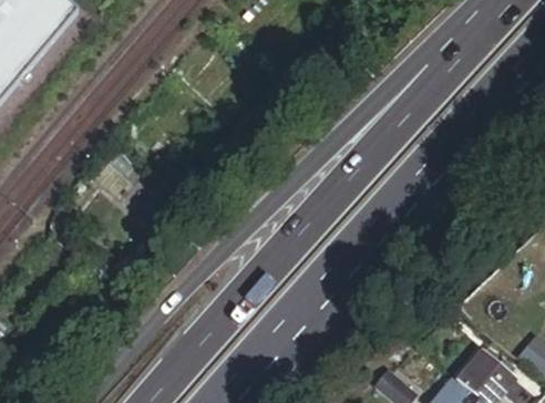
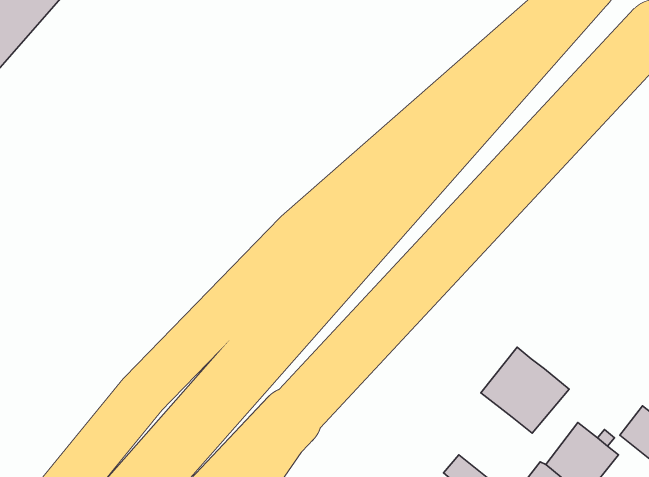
building: none -> [481,347,569,433]

